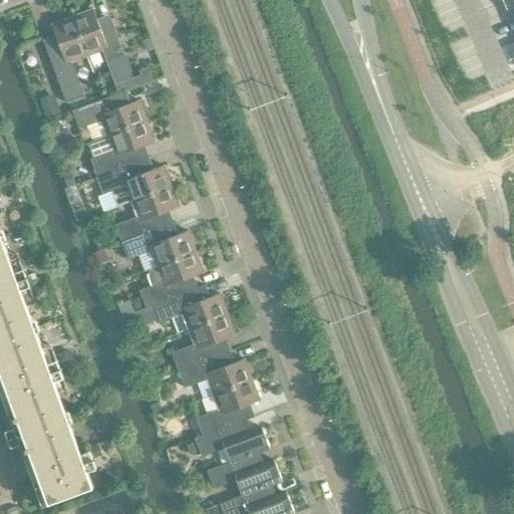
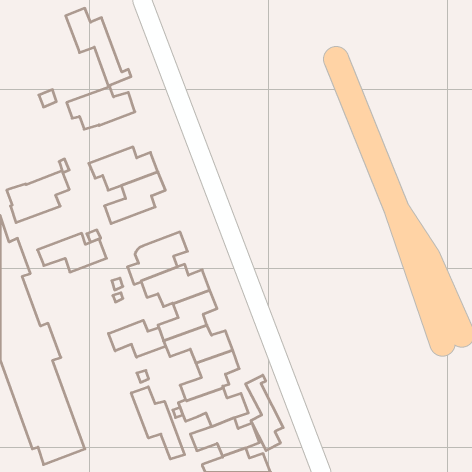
building: [44,17,86,102] -> none
building: [86,121,155,178] -> [7,171,69,223]
building: [120,225,196,267] -> [37,233,107,272]
building: none -> [108,320,165,357]
building: none -> [246,375,283,451]
building: none -> [131,387,185,459]

